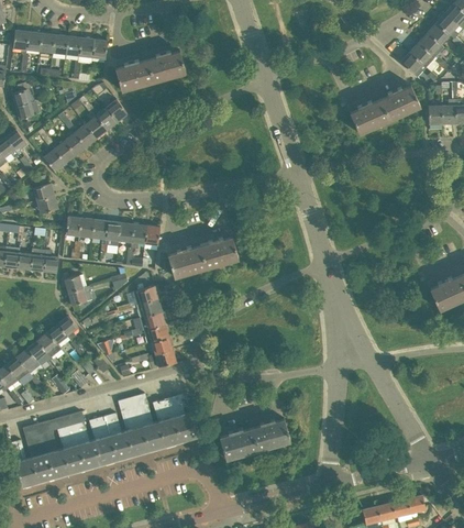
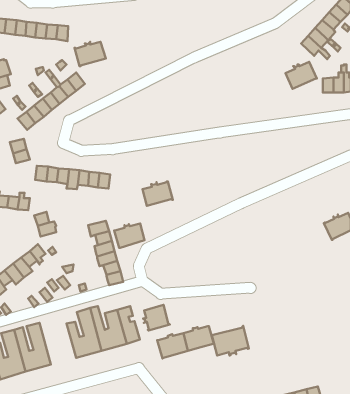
building: [147,51,186,81] -> none
building: [350,100,389,134] -> none
building: [167,246,206,277] -> [114,223,145,248]
building: none -> [143,305,170,330]
building: [70,411,117,468] -> none
building: none -> [212,326,249,356]

